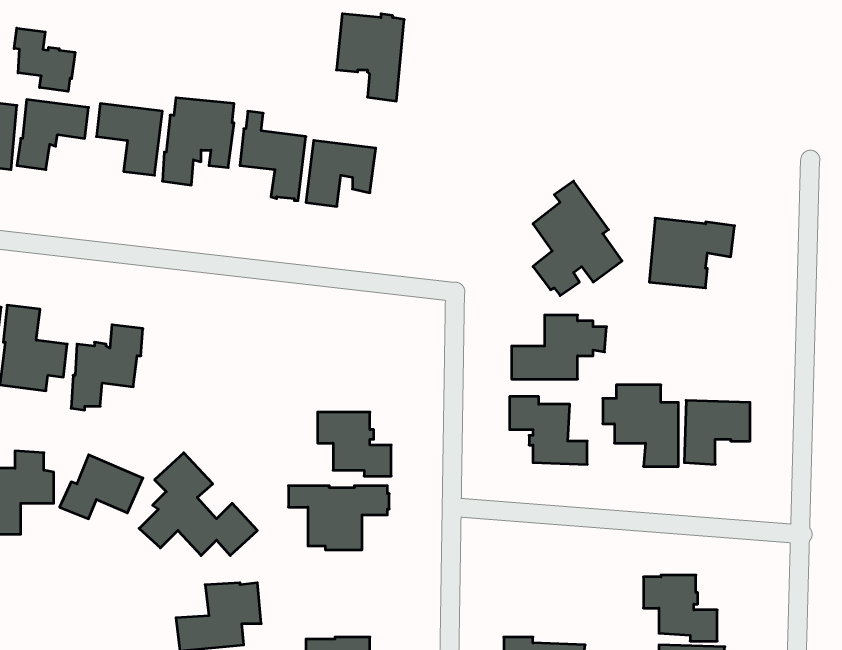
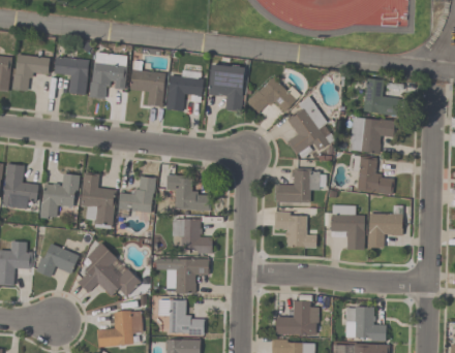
building: [336,14,404,101] -> [209,65,245,111]
building: [14,28,75,91] -> none
building: none -> [246,76,301,114]
building: none -> [363,78,399,115]
building: none -> [350,155,395,195]
building: none -> [81,171,117,229]
building: none -> [119,175,157,218]
building: none -> [166,175,212,212]
building: none -> [158,300,205,335]
building: none -> [275,301,318,334]

